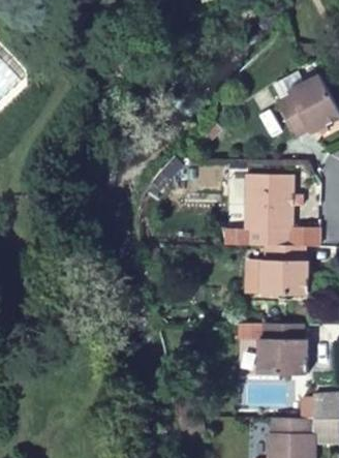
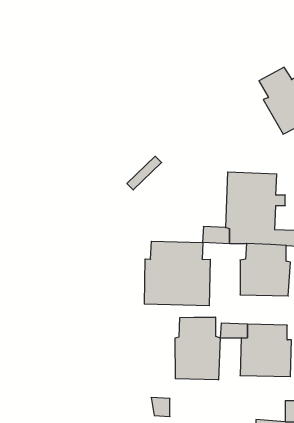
building: none -> [144,241,210,306]
building: none -> [175,317,220,380]

